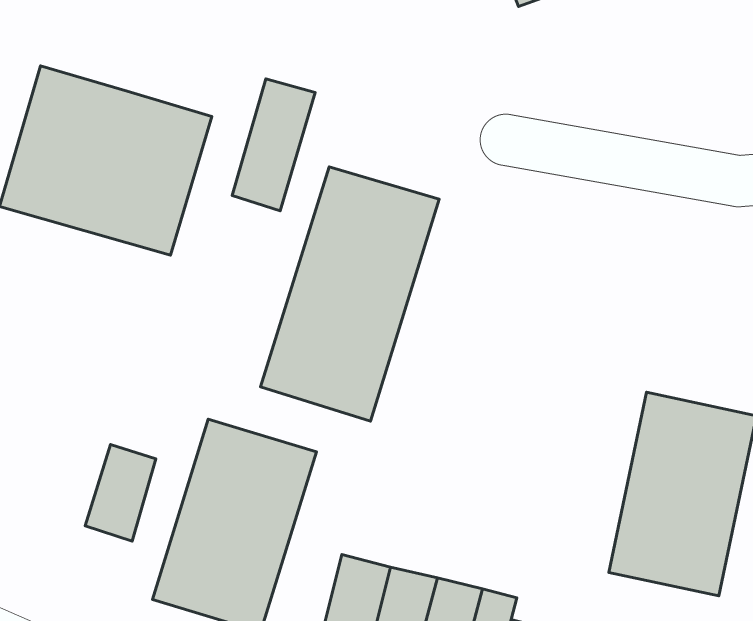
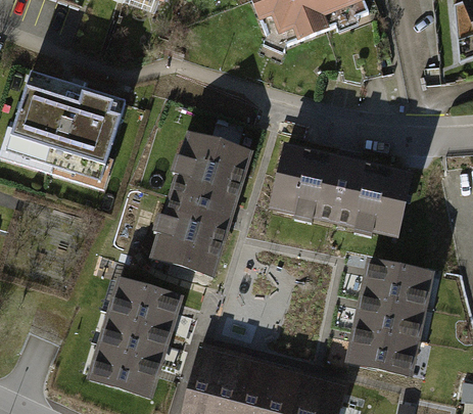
building: [232,79,315,211] -> none
building: none -> [270,145,411,236]
building: [85,445,156,541] -> none

